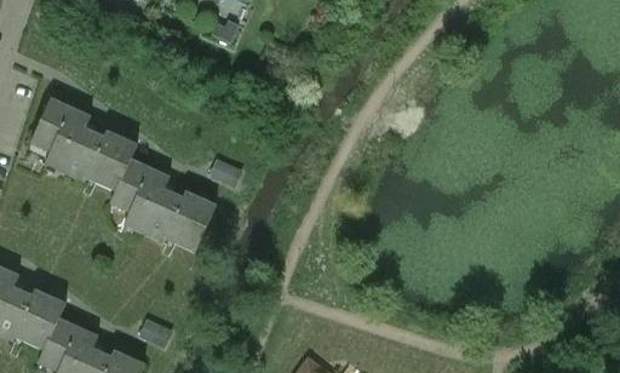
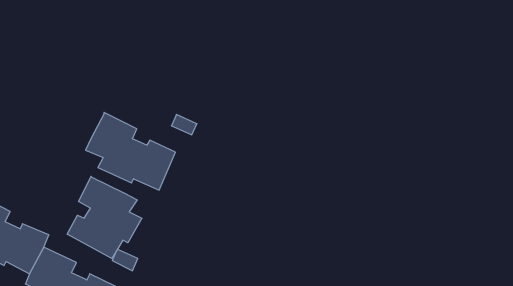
building: [30,97,137,189] -> none
building: none -> [67,176,142,258]

